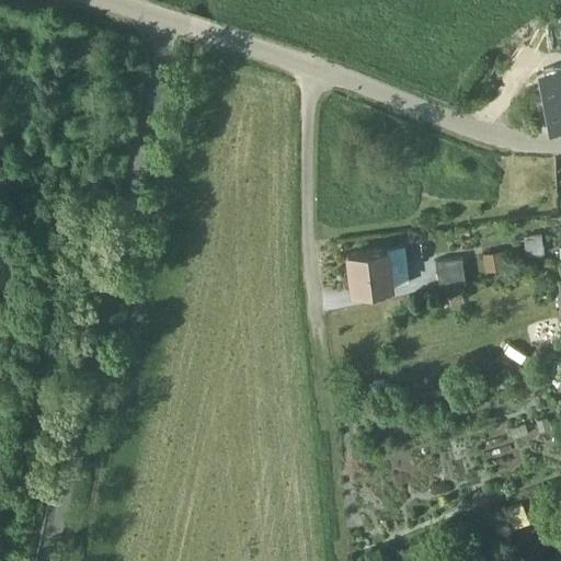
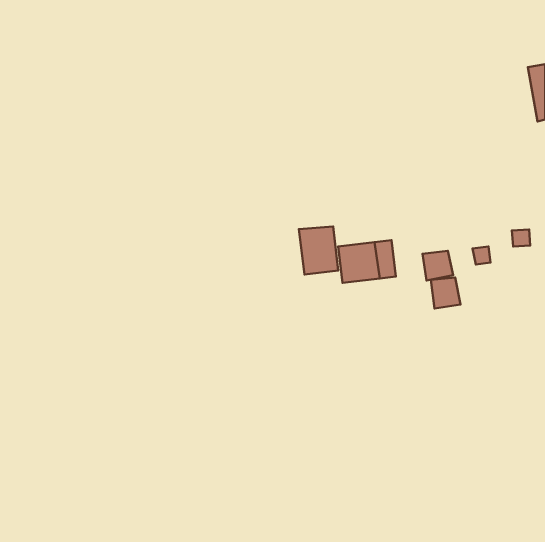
building: none -> [299,226,338,275]
building: none -> [431,277,460,309]

